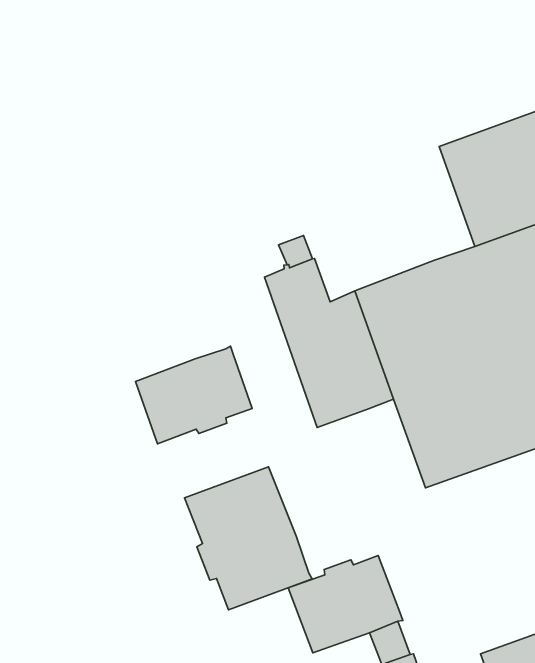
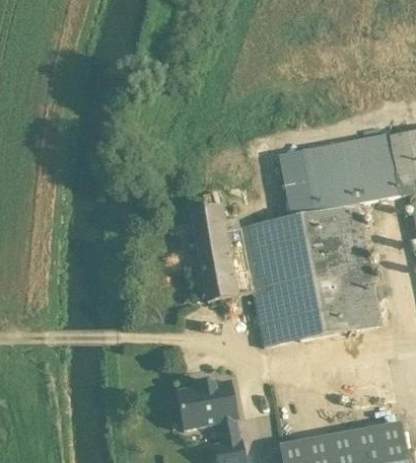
building: none -> [278,151,315,216]
building: [136,346,252,444] -> none
building: [185,467,312,610] -> none

